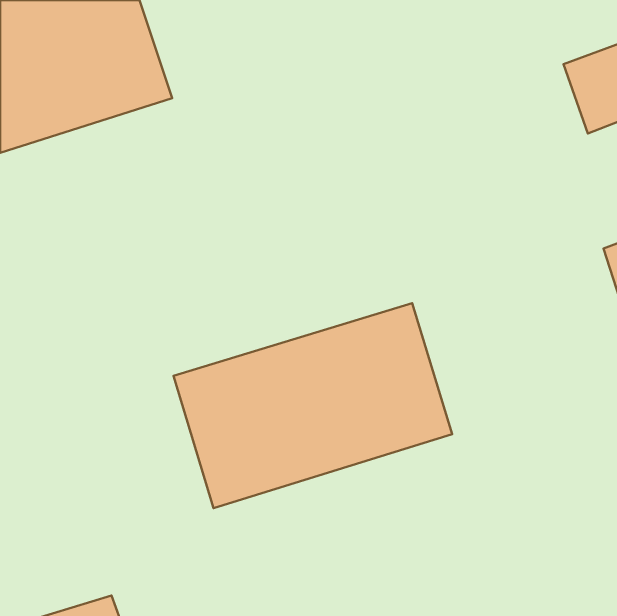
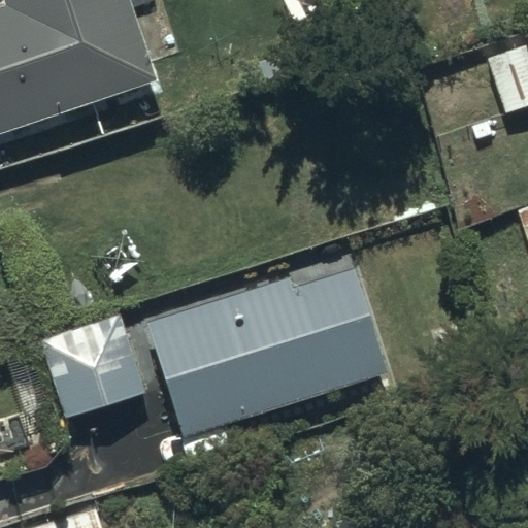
building: none -> [43,315,145,415]

